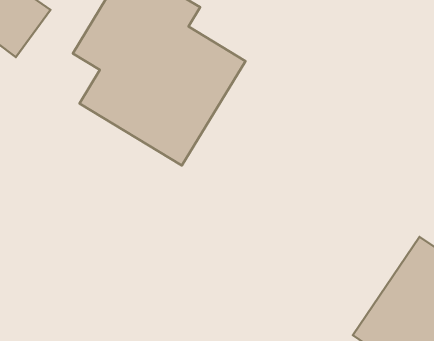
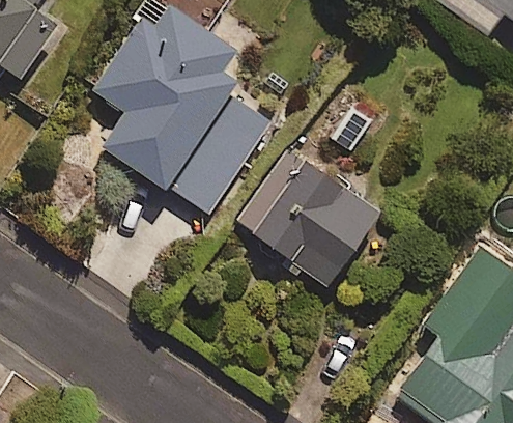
building: none -> [237,149,376,284]

